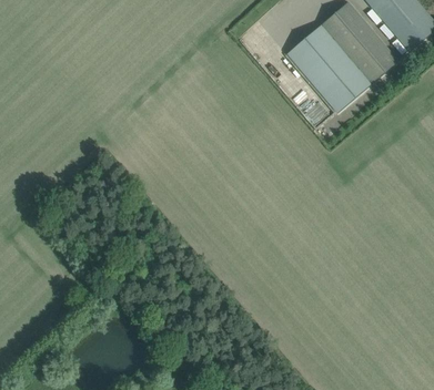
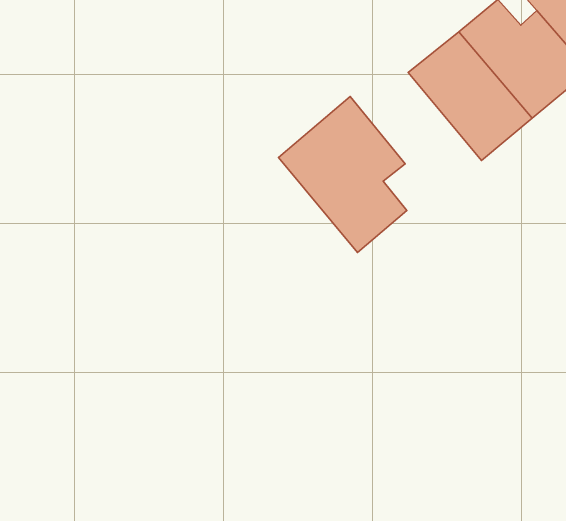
building: none -> [278,97,407,252]

